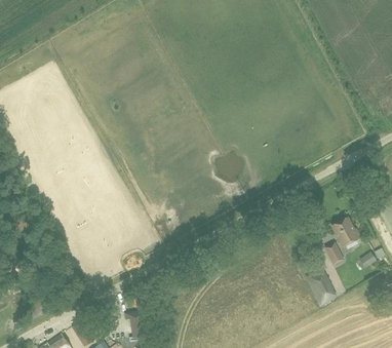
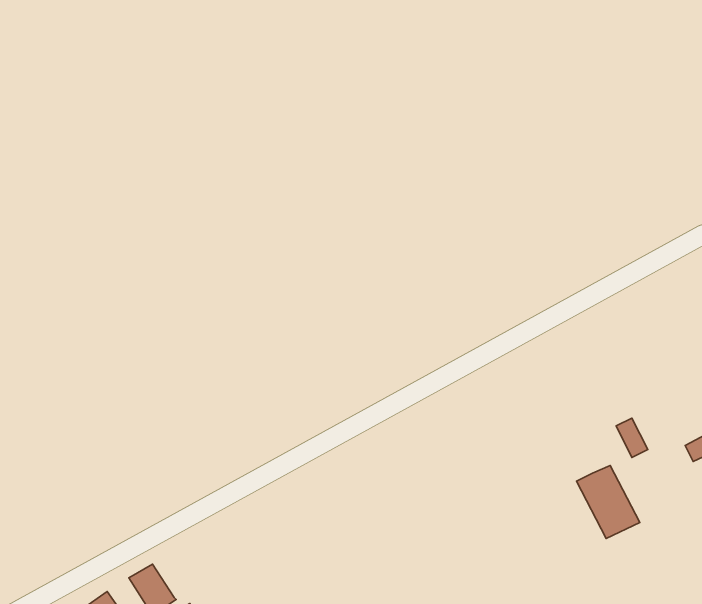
building: [331,217,359,246] -> none

